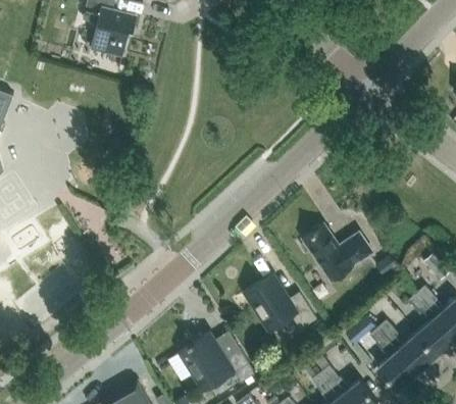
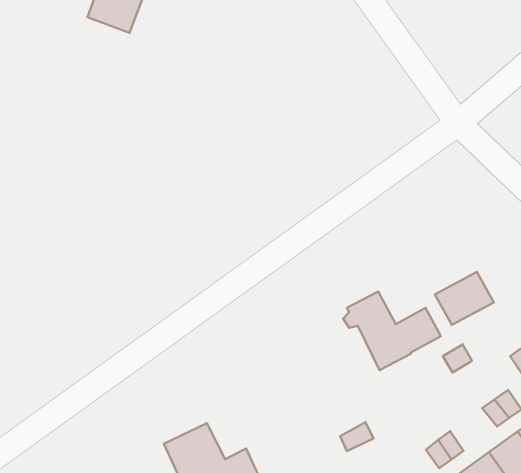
building: none -> [435,272,494,325]
building: [245,275,317,332] -> none

